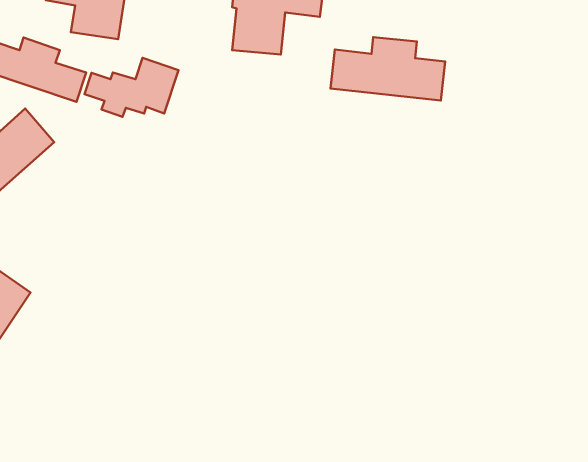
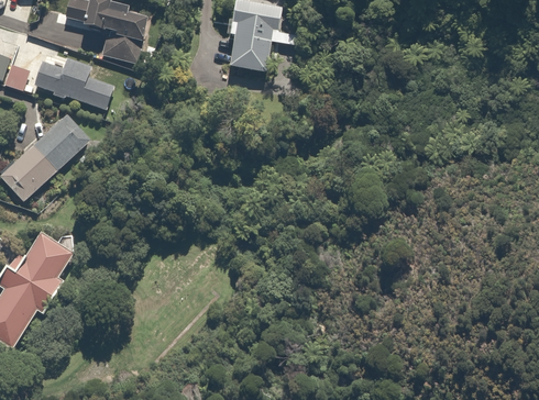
building: [331,37,445,100] -> none
building: [84,58,178,117] -> none

